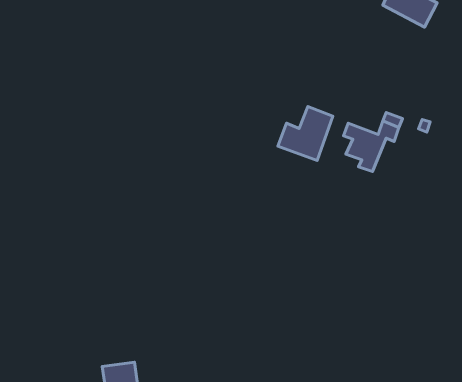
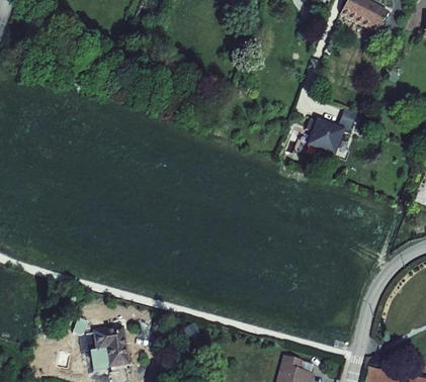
building: [278,106,333,161] -> none

